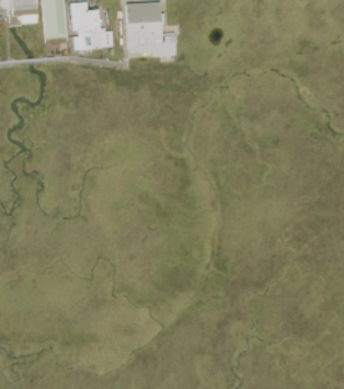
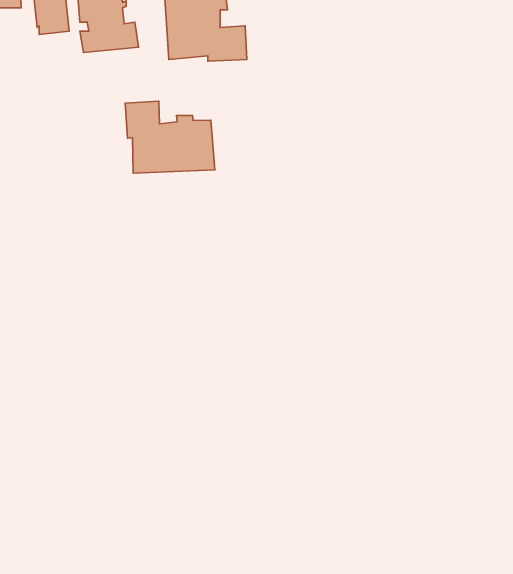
building: none -> [125,101,215,173]

